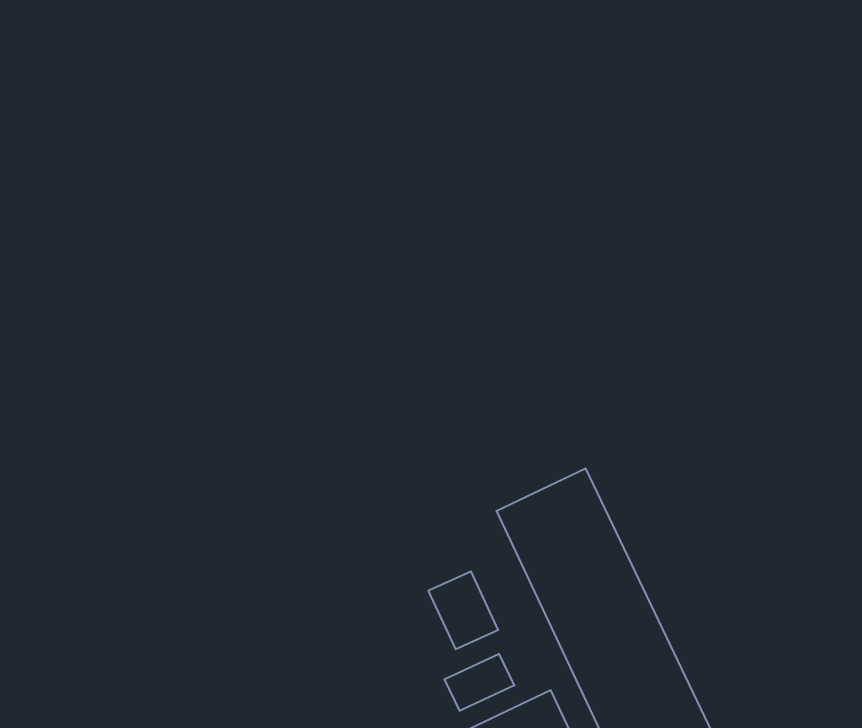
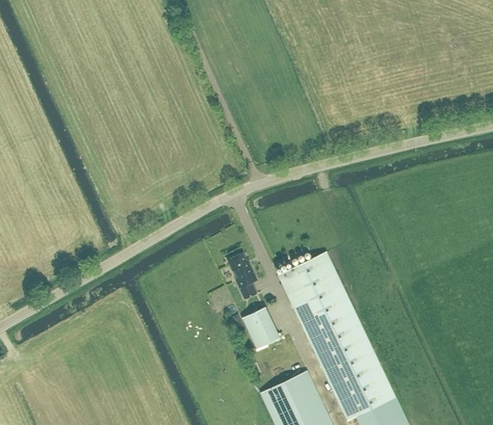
building: none -> [228,253,257,298]
building: [445,654,514,711] -> none

